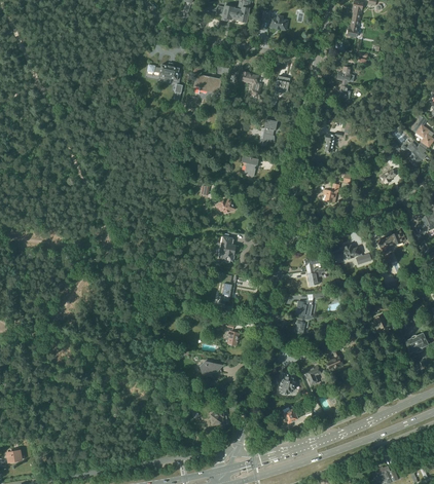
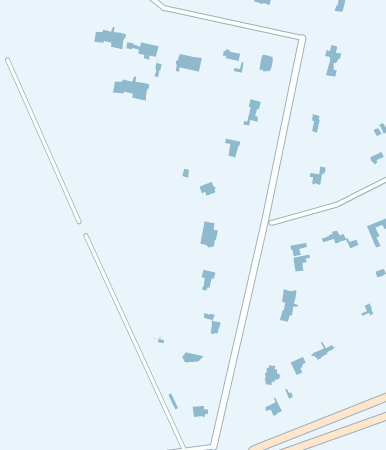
building: none -> [93,26,127,50]
building: none -> [112,76,150,102]

